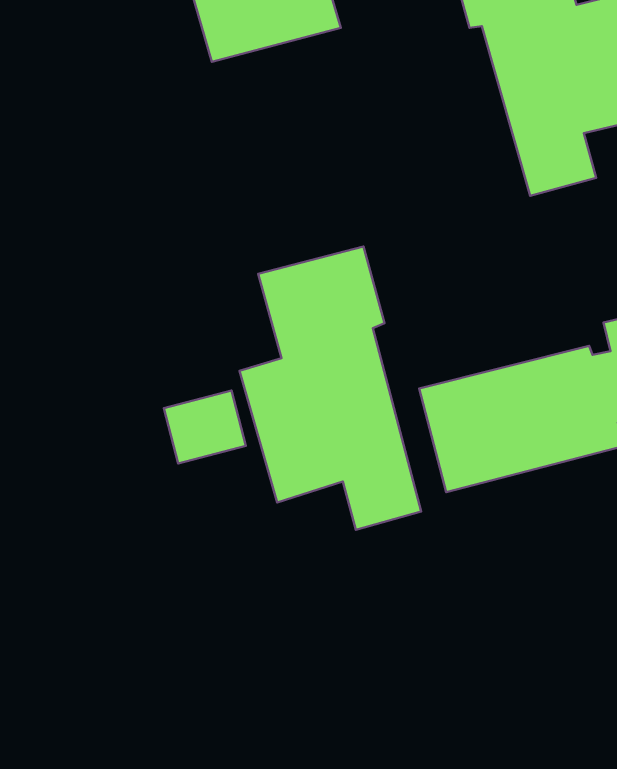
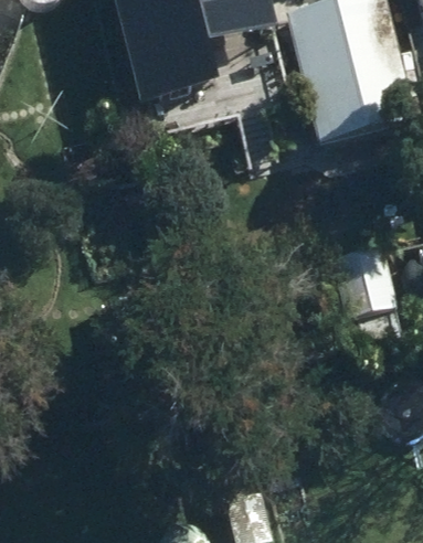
building: [239,246,421,530] -> none

